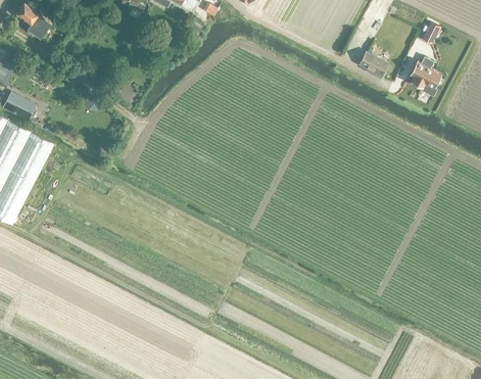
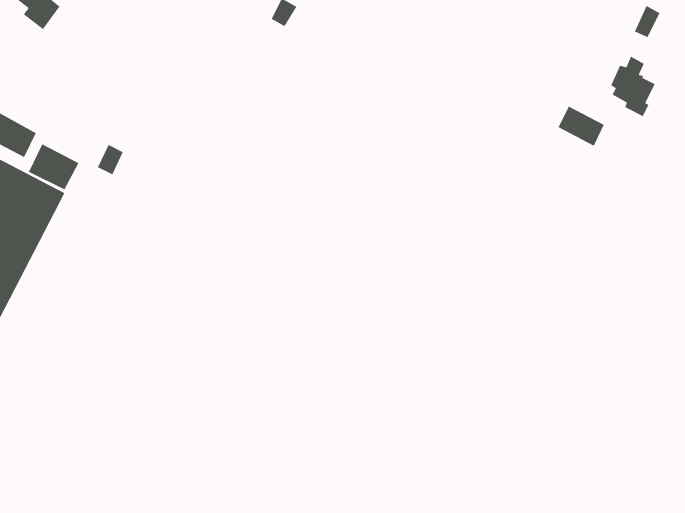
building: [358,51,389,78] -> [557,105,605,146]
building: none -> [28,143,80,190]

